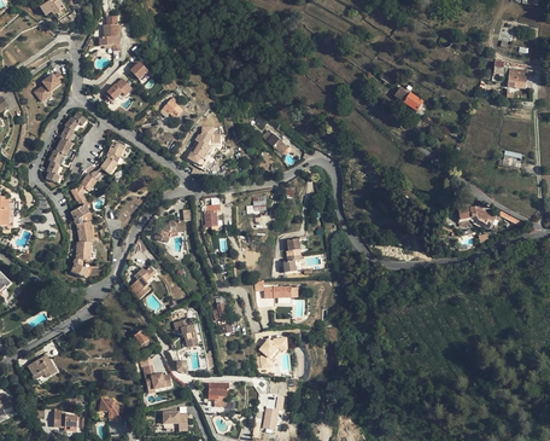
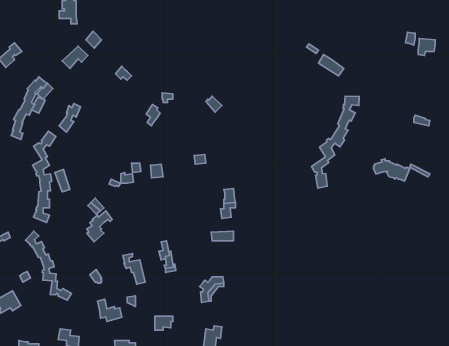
building: none -> [311,96,359,188]
building: none -> [25,231,71,300]

